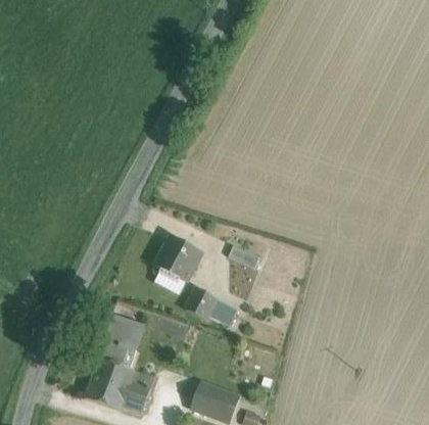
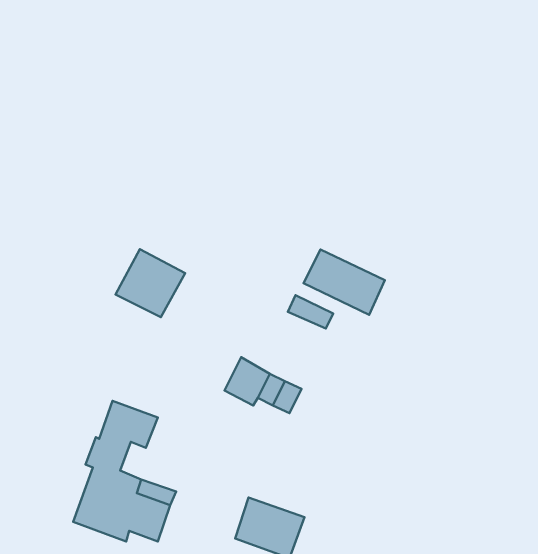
building: none -> [303,250,385,315]
building: [155,236,202,282] -> [116,249,185,317]

